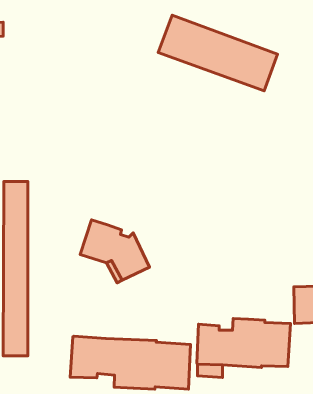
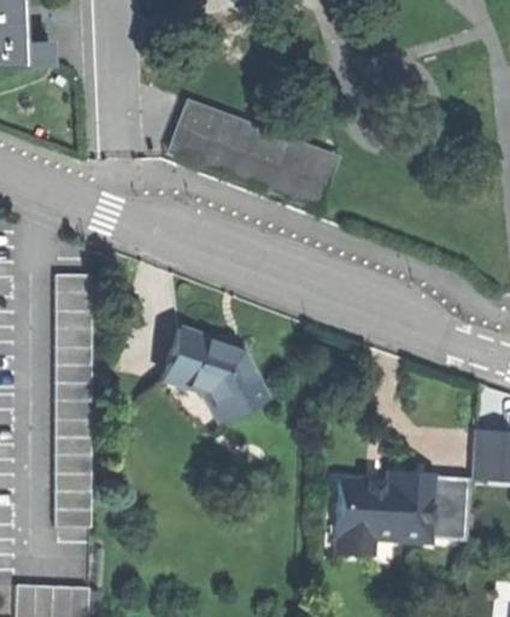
building: [158,15,277,91] -> [165,96,339,206]
building: [70,336,190,389] -> none

